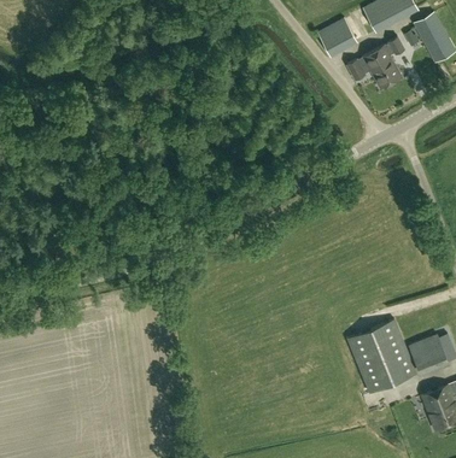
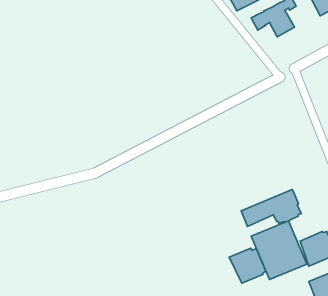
building: none -> [241,189,301,226]
building: none -> [229,248,266,283]

